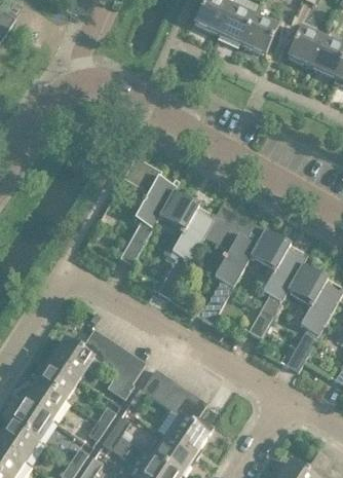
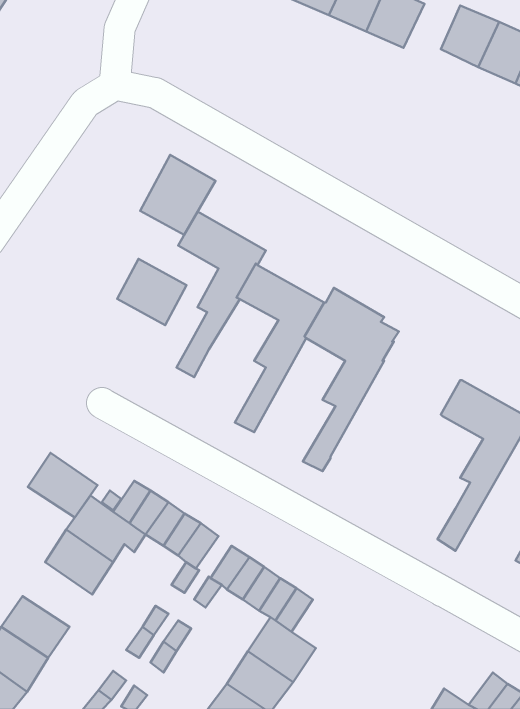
building: none -> [140,155,215,235]
building: none -> [117,259,186,325]
building: [250,230,306,337] -> none
building: [23,379,67,420] -> [28,453,97,518]

